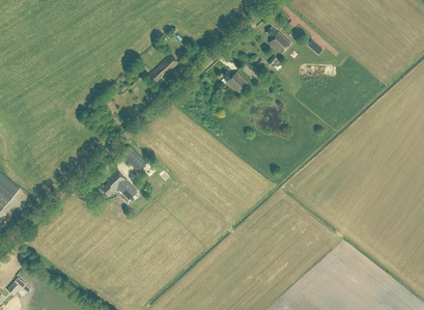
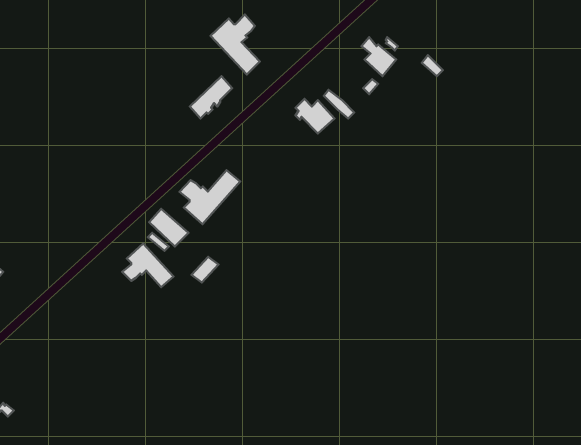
building: none -> [210,15,260,74]
building: none -> [179,170,240,224]

